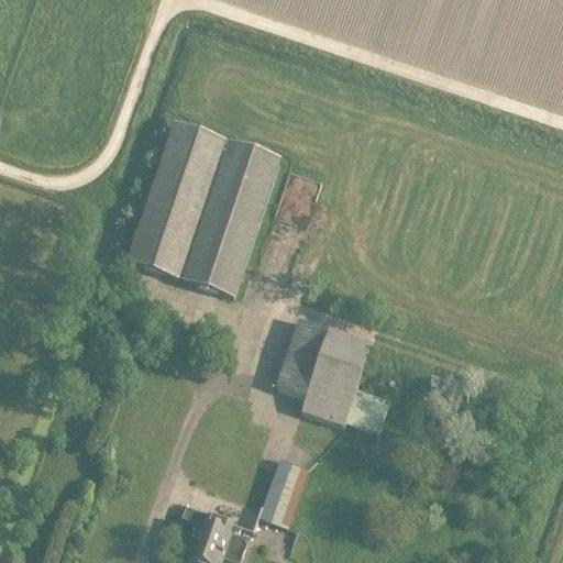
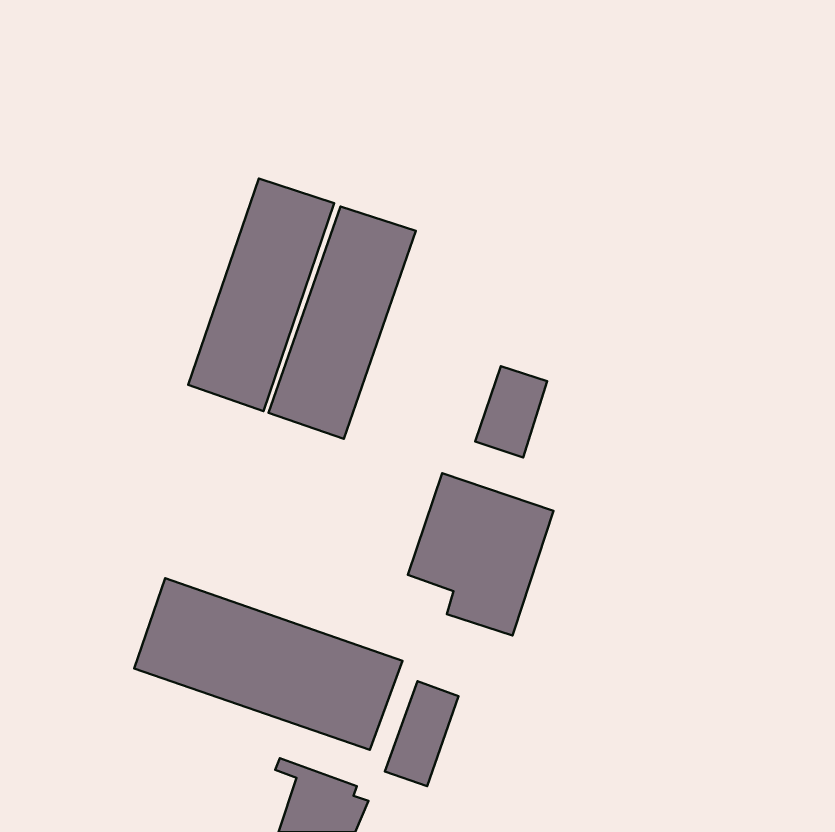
building: none -> [475,366,547,458]
building: none -> [134,578,402,750]

